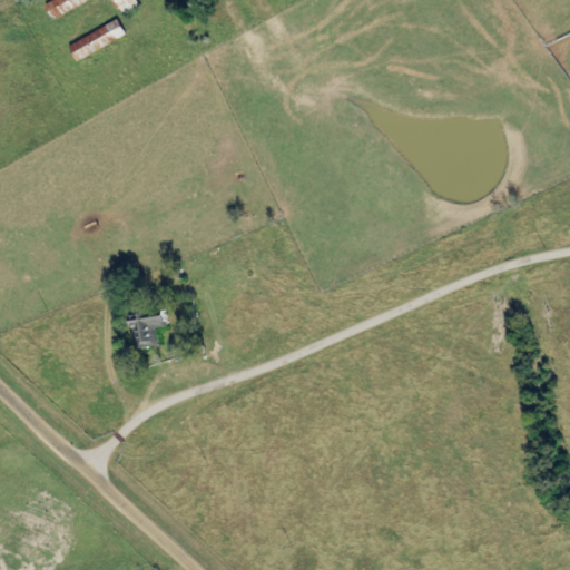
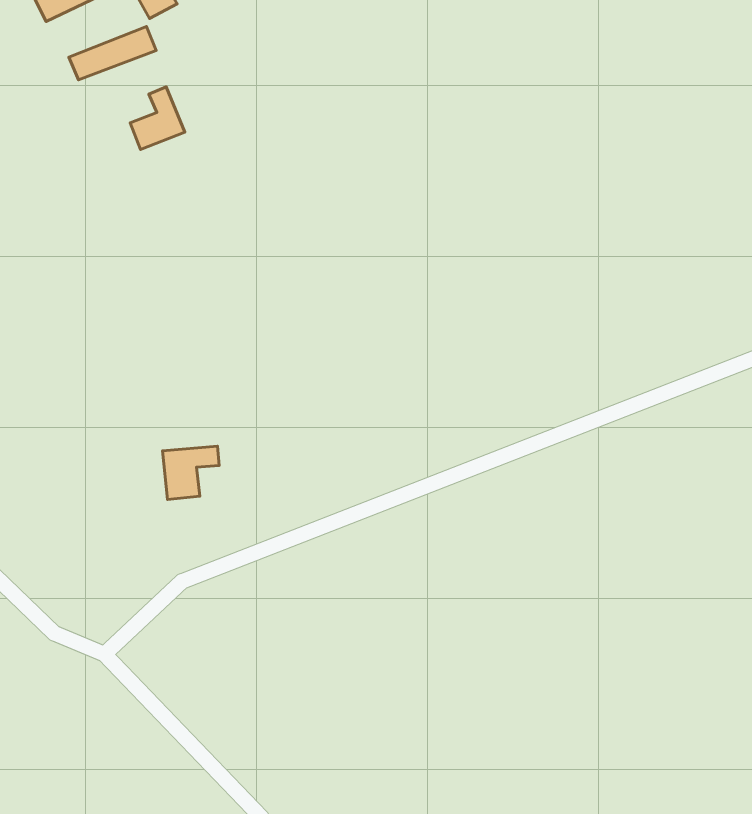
building: none -> [130,87,185,150]

